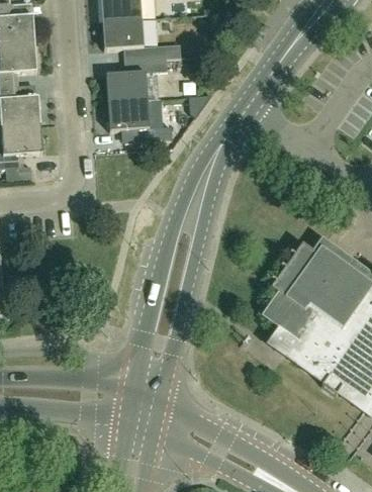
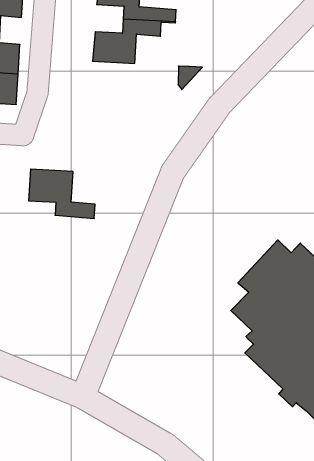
building: [108,98,173,140] -> [29,169,95,218]

